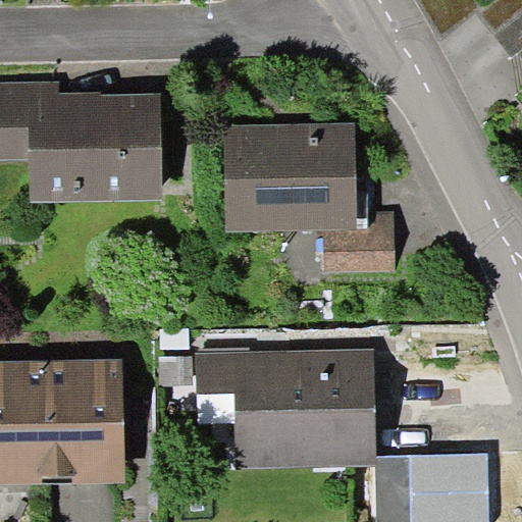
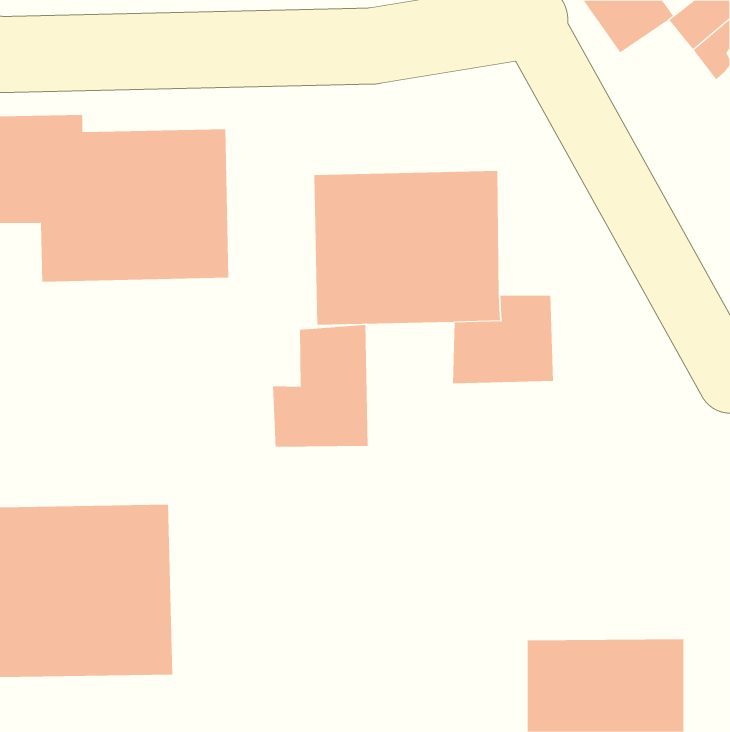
building: none -> [272,324,368,448]
building: [195,349,375,467] -> none

